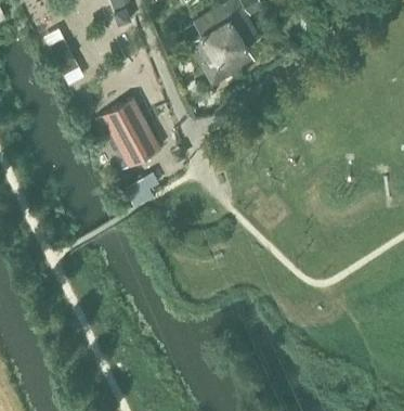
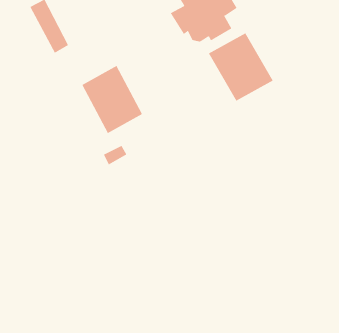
building: none -> [208,33,273,101]

